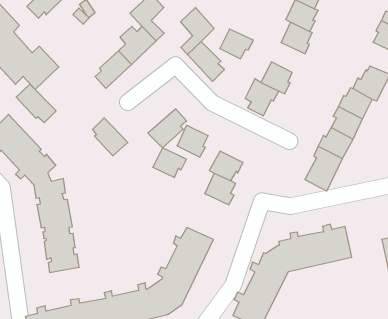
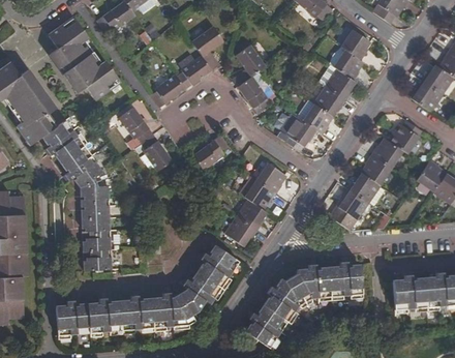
building: [220,29,253,59] -> [314,87,346,116]
building: [16,84,56,123] -> [118,106,153,143]
building: [177,125,208,157] -> [255,161,285,192]
building: [153,148,186,178] -> [224,216,256,245]

